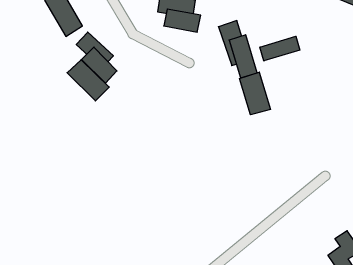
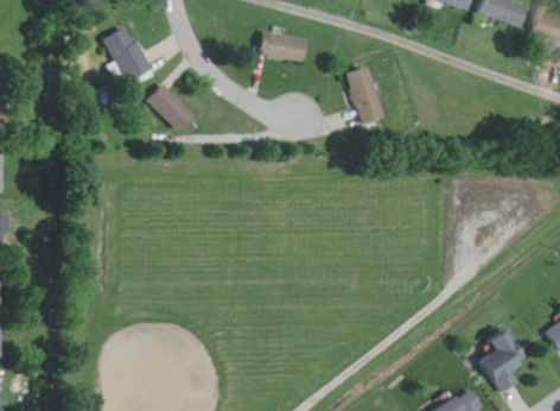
building: [260,36,300,61] -> none
building: [67,60,109,101] -> none
building: [239,72,270,115] -> none

